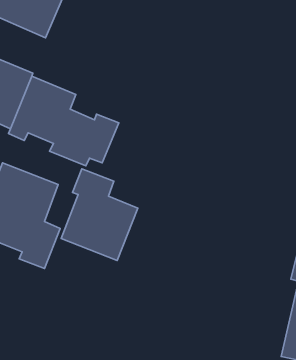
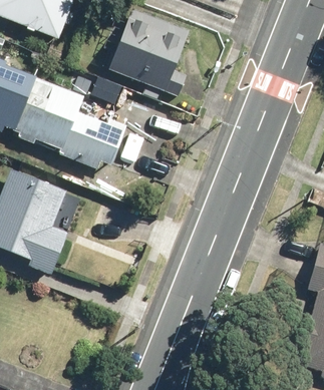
building: none -> [109,9,197,99]
building: [61,169,138,260] -> none

